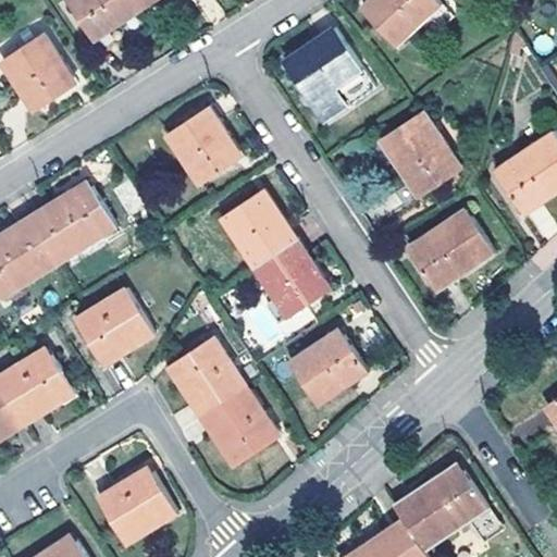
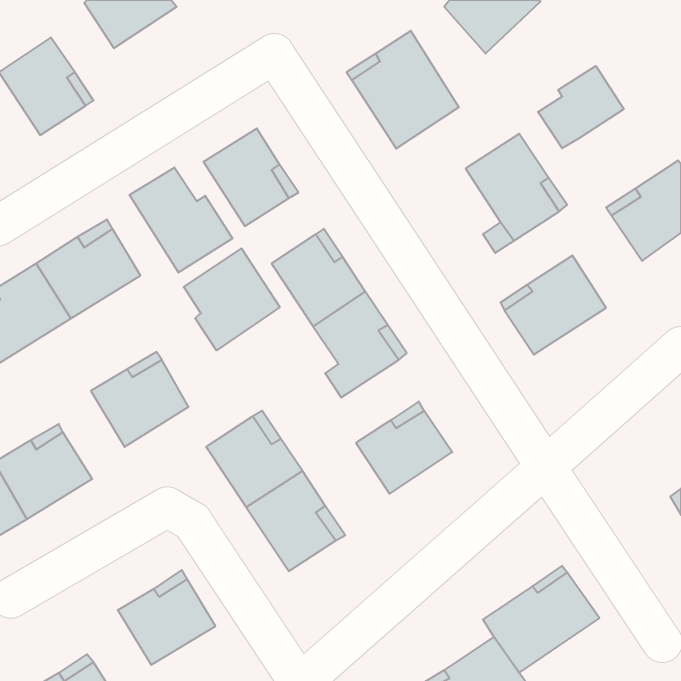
building: none -> [538,66,624,148]
building: none -> [130,167,232,273]
building: none -> [184,248,280,350]

